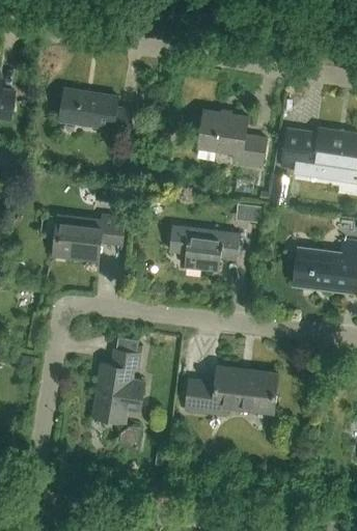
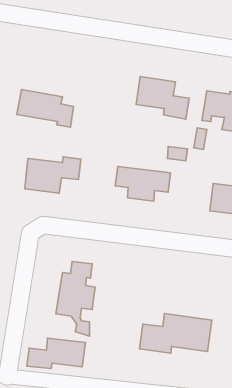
building: [60,87,134,136] -> [17,89,74,127]
building: [186,365,279,416] -> [140,314,212,353]
building: none -> [27,338,86,369]

